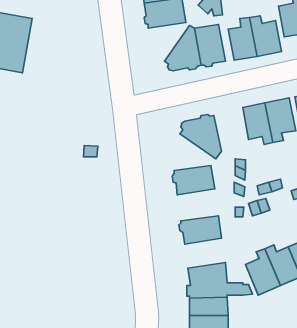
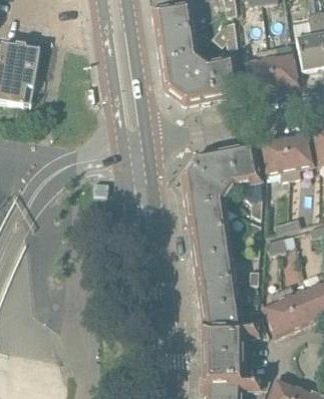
building: none -> [159,54,204,94]
building: none -> [229,145,261,187]
building: none -> [183,169,231,208]
building: none -> [191,227,234,260]
building: none -> [198,278,241,309]

